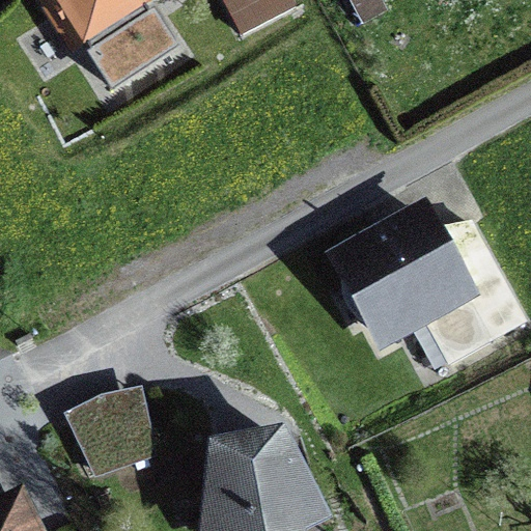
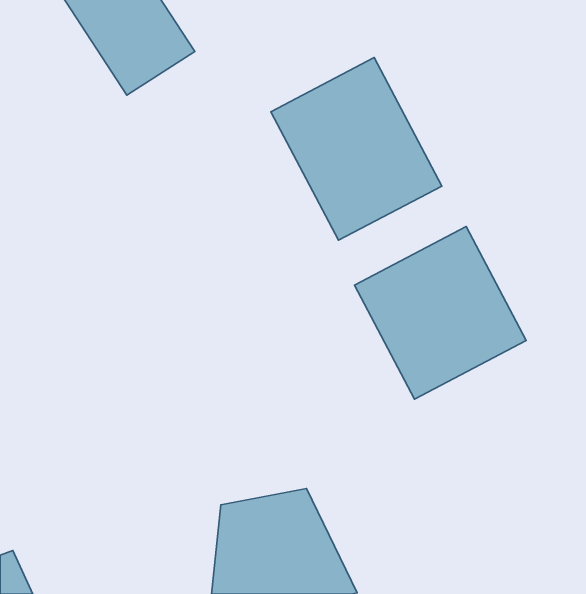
building: none -> [271,58,442,240]
building: [66,387,150,474] -> none

